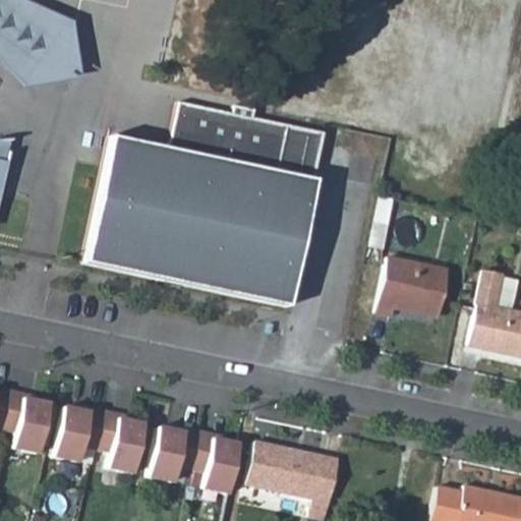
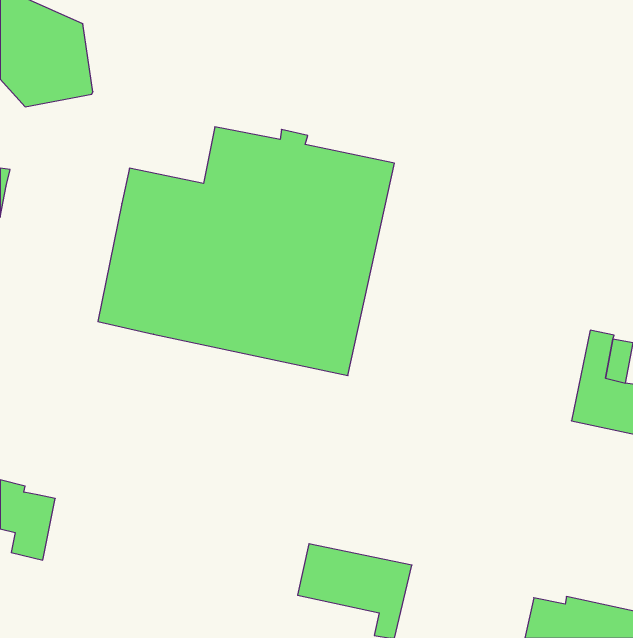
building: [379,256,449,315] -> none
building: [56,407,144,473] -> none
building: [151,426,240,493] -> none

